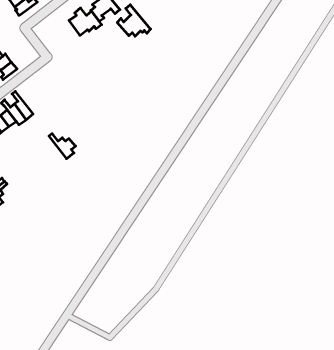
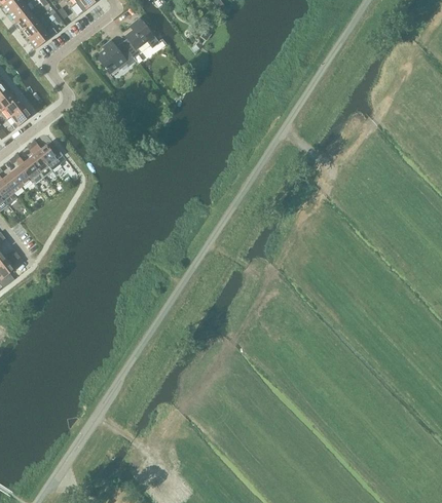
building: [117,5,151,36] -> none
building: [49,134,76,159] -> [28,140,61,170]

